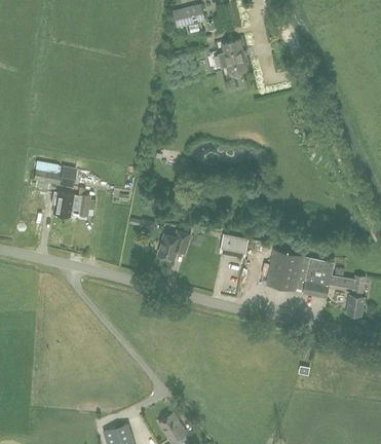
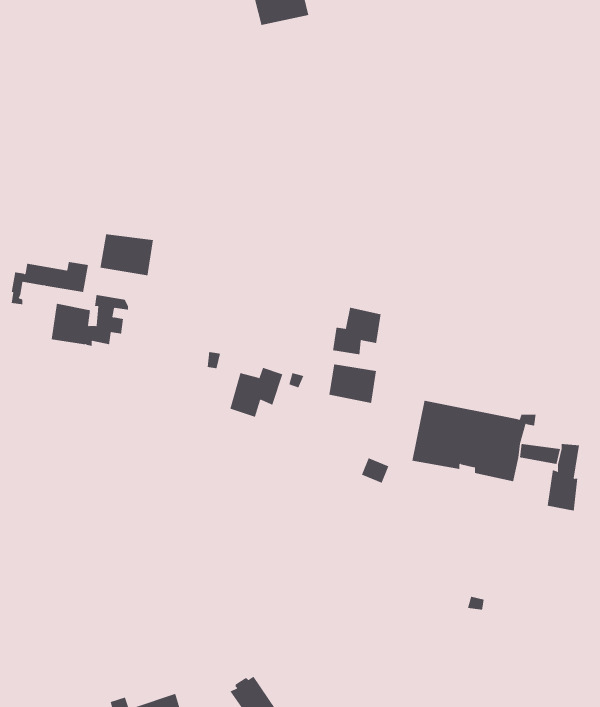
building: [219,40,246,74] -> none
building: none -> [100,234,153,276]
building: none -> [332,307,381,355]

